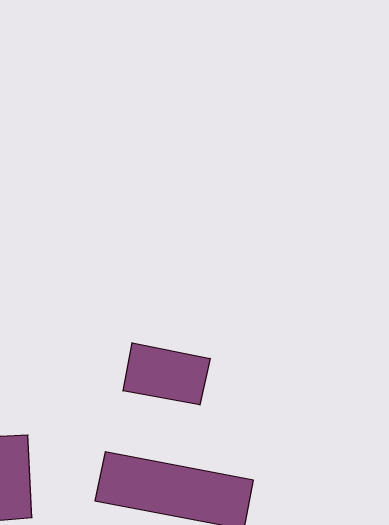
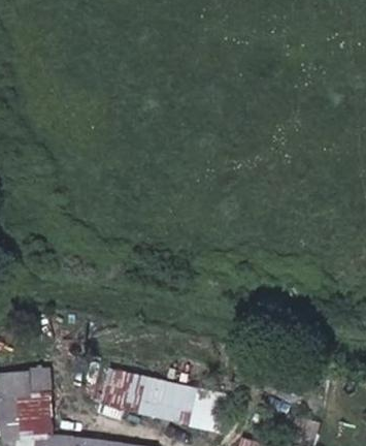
building: [123,343,210,405] -> none

